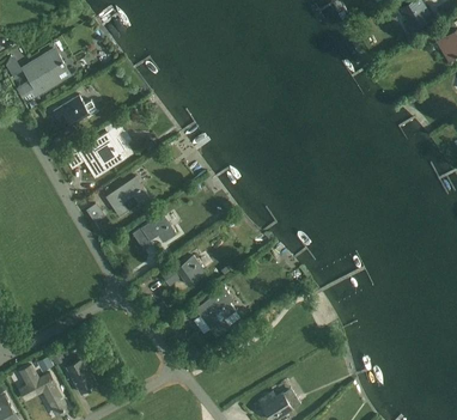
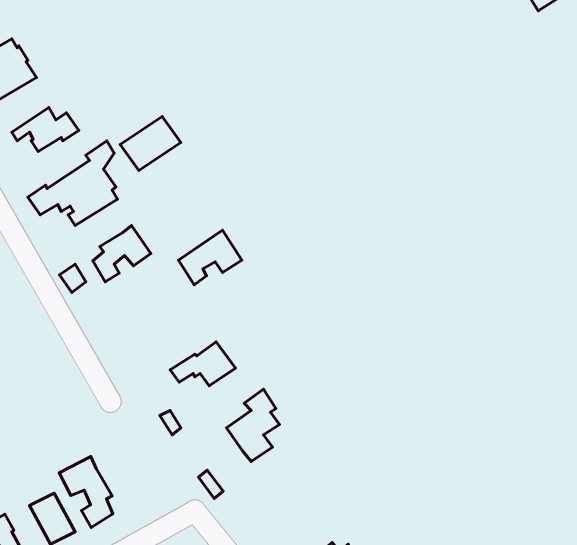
building: none -> [120,117,181,171]
building: [133,213,176,250] -> [178,230,242,285]
building: none -> [59,456,113,527]

